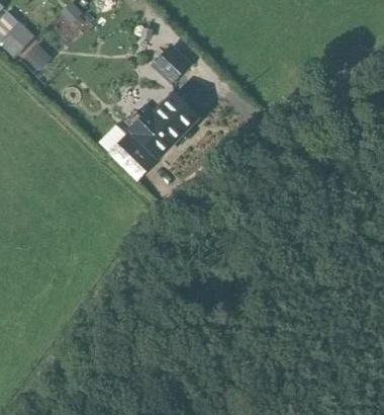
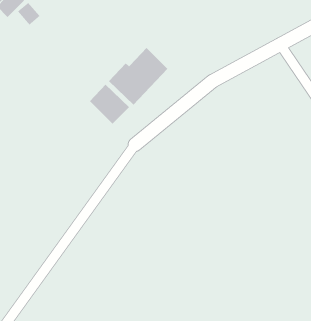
building: [152,45,190,83] -> none

